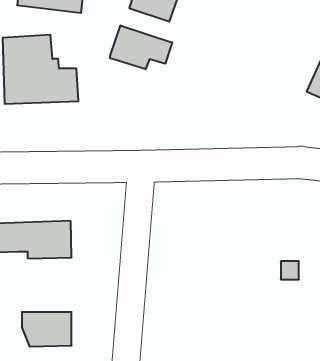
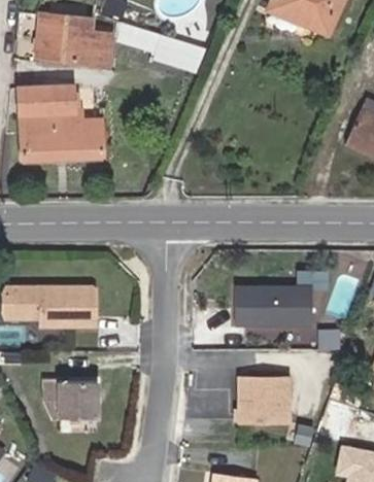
building: [110,25,172,69] -> none
building: none -> [235,285,311,326]
building: none -> [237,376,287,421]

